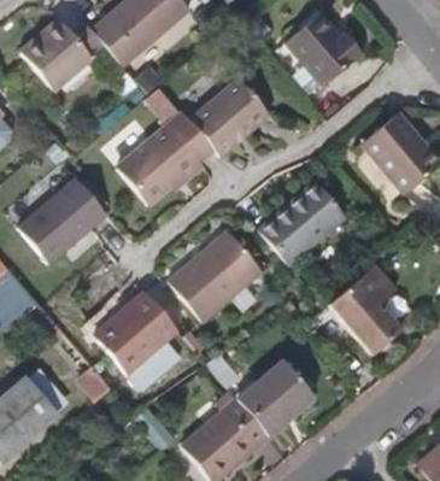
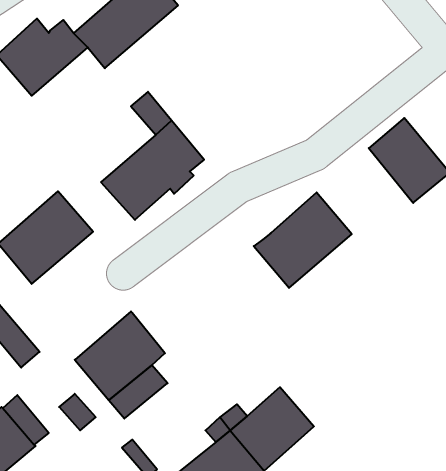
building: [288,12,363,84] -> none
building: [187,78,268,157] -> none
building: [168,228,262,319] -> none
building: [323,270,397,362] -> none

